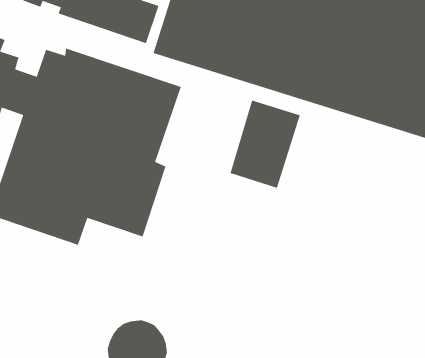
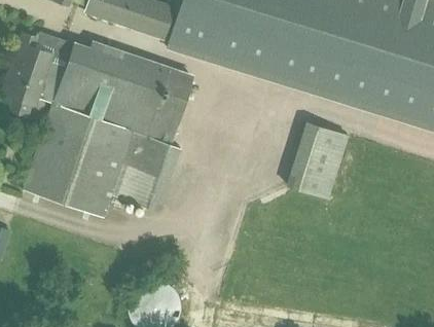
building: [229,100,301,189] -> [286,121,349,199]

